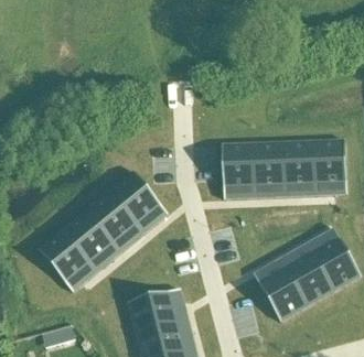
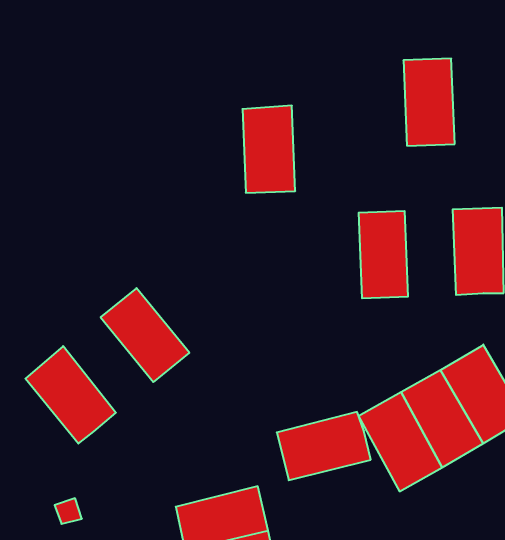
building: [282,140,315,196] -> [403,59,455,146]
building: [221,142,255,198] -> [242,106,295,193]
building: [109,171,168,232] -> none
building: [62,209,120,271] -> none
building: [127,288,188,332] -> [277,412,371,480]

